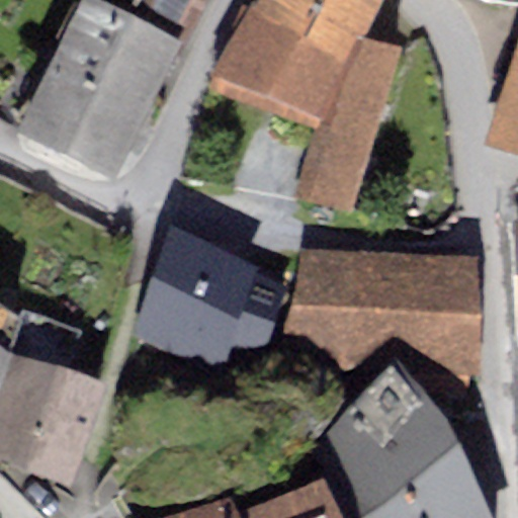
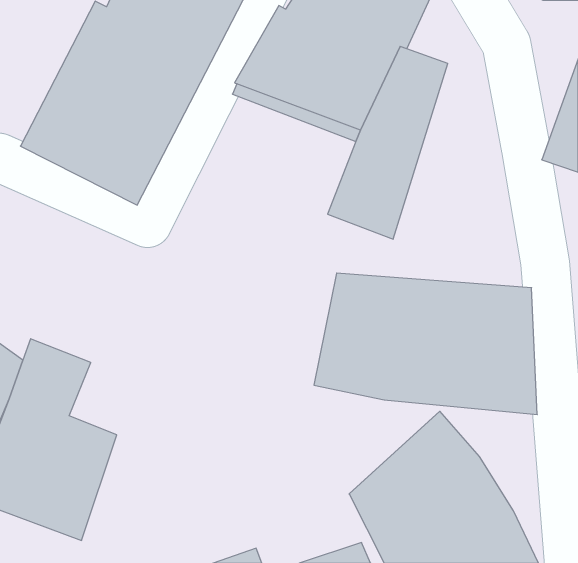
building: [134,227,287,363] -> none

